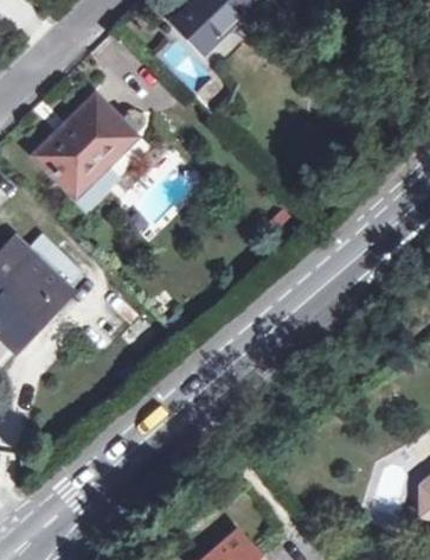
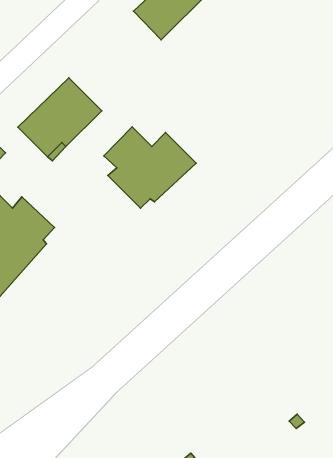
building: none -> [104,127,196,208]

